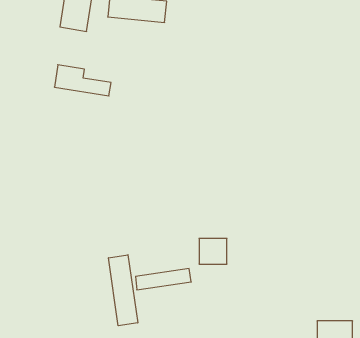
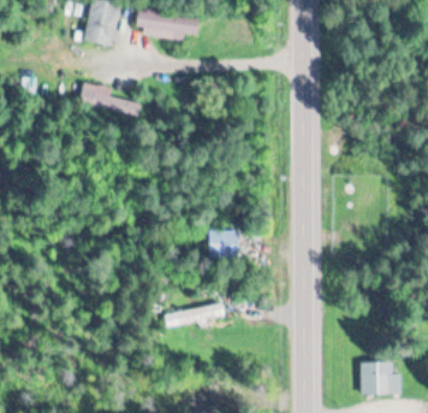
building: [199,238,227,264] -> [208,231,238,259]
building: [109,255,138,326] -> none

